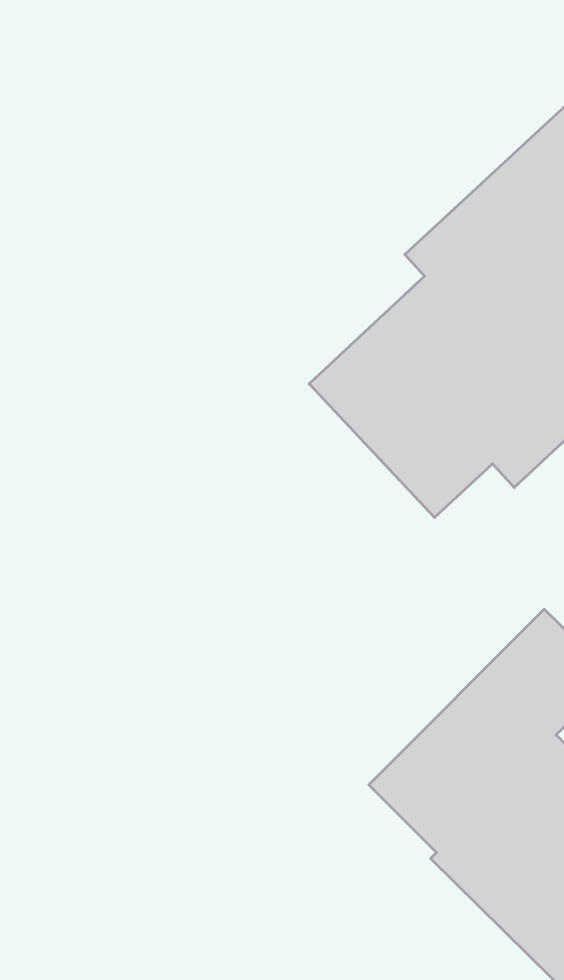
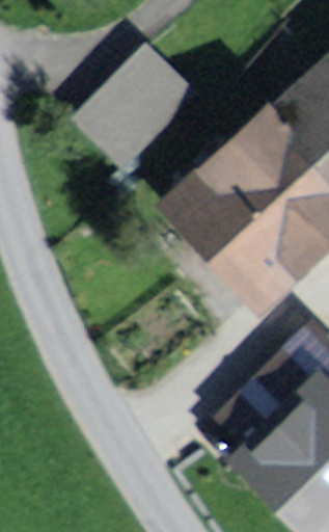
building: none -> [81,48,199,167]

